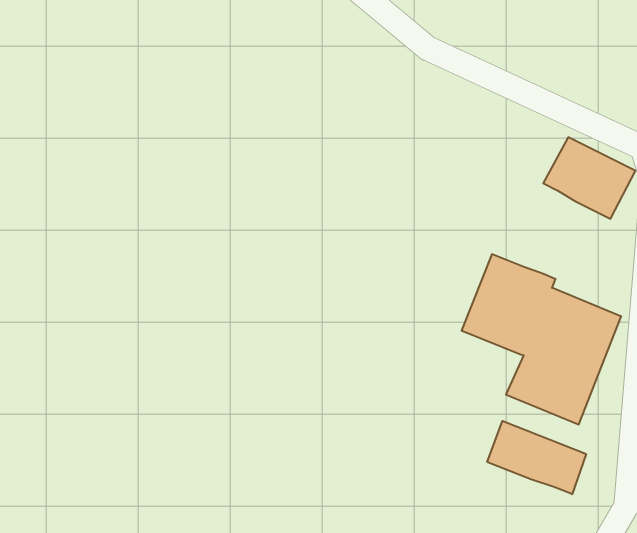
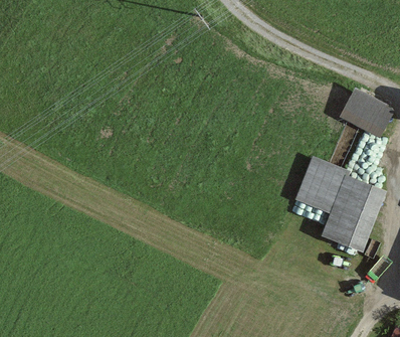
building: [487,421,586,494] -> none

